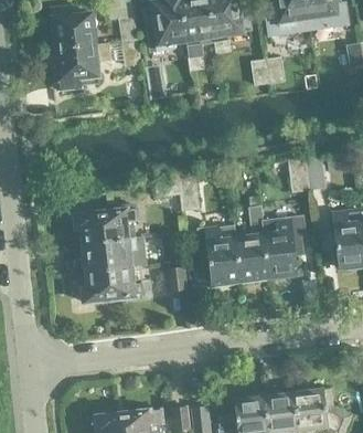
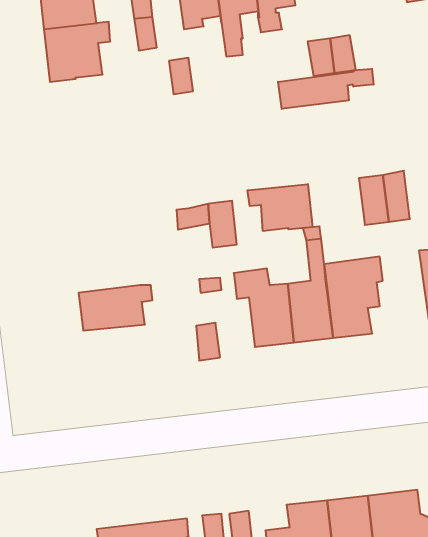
building: none -> [278,69,374,109]
building: none -> [247,184,312,231]
building: [75,209,136,244] -> none
building: [83,266,152,303] -> none

